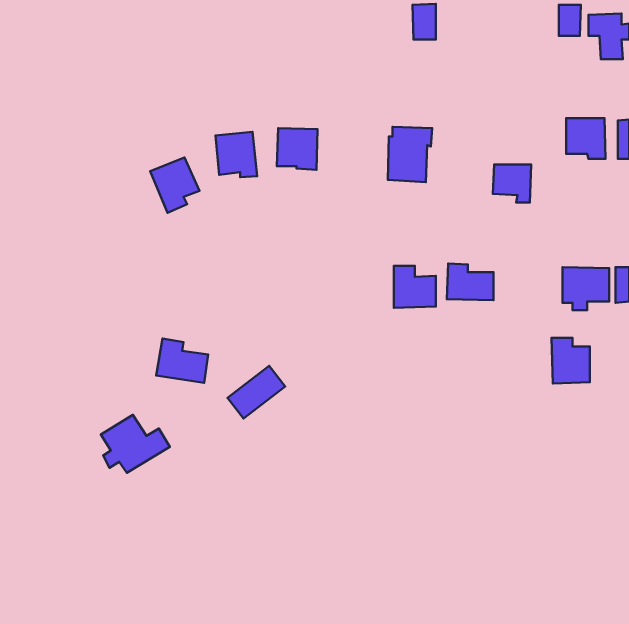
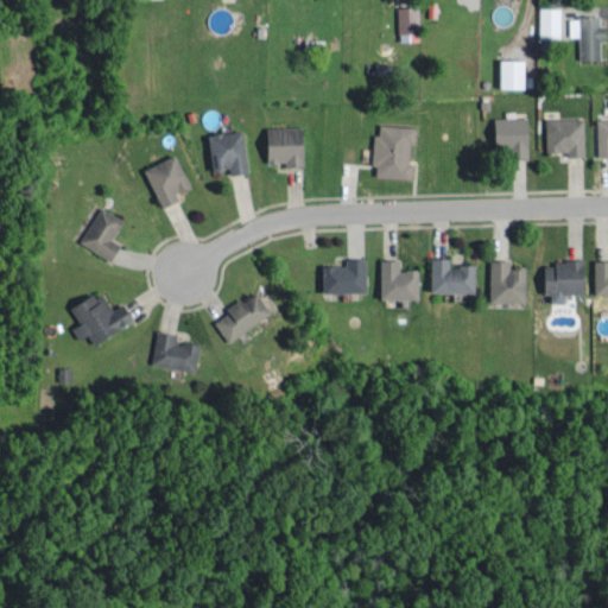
building: none -> [501,61,526,90]
building: [493,164,531,203] -> [493,120,530,157]
building: none -> [80,209,124,264]
building: none -> [323,260,368,294]
building: [552,338,590,383] -> [490,261,527,305]
building: [227,366,285,419] -> [215,293,271,344]
building: [101,415,170,473] -> [70,291,137,347]

